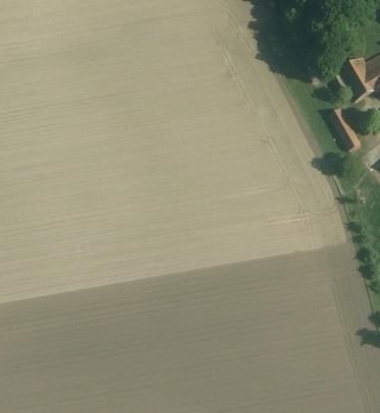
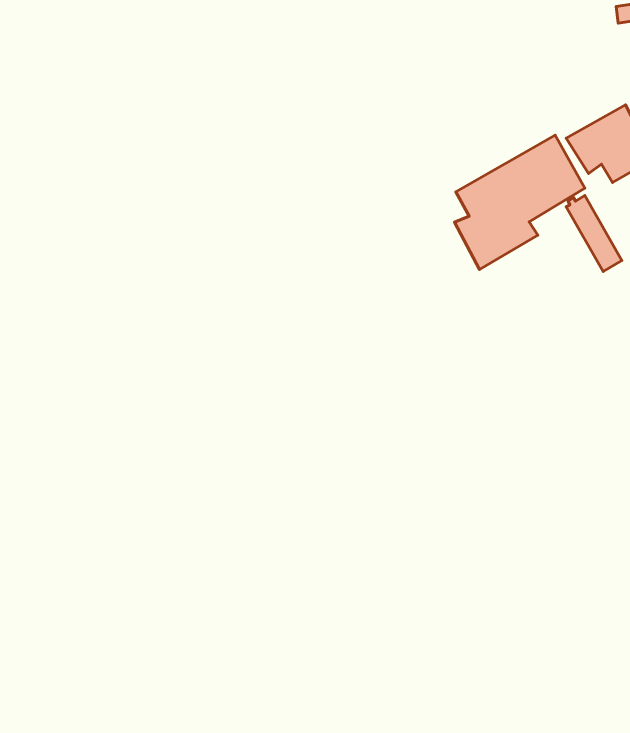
building: none -> [455,135,585,269]

